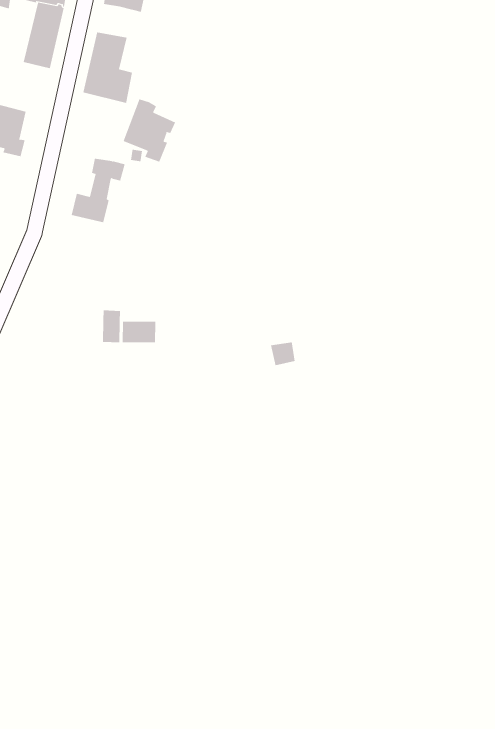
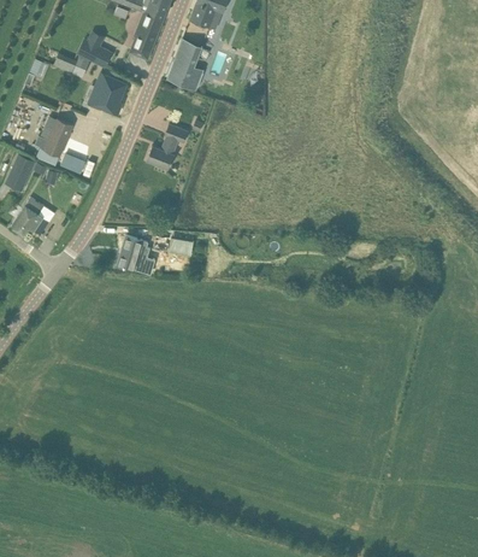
building: [123,99,176,162] -> none
building: none -> [118,234,155,275]

